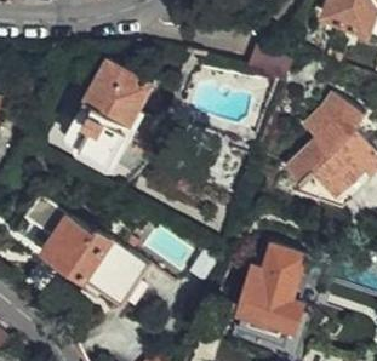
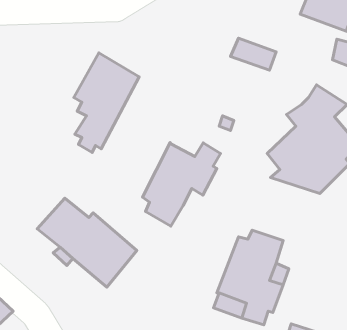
building: none -> [142,143,221,226]

